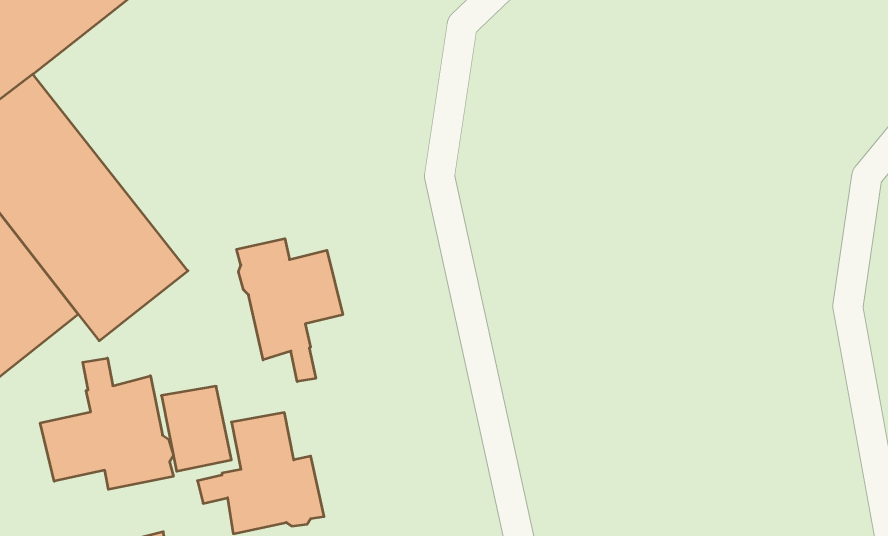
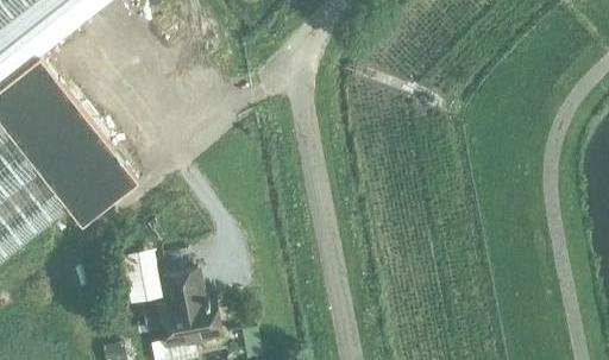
building: [237,239,343,382] -> none
building: [40,358,173,489] -> none

